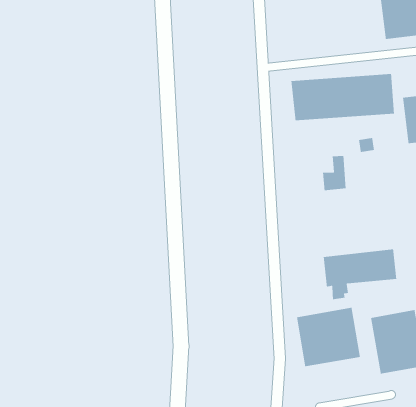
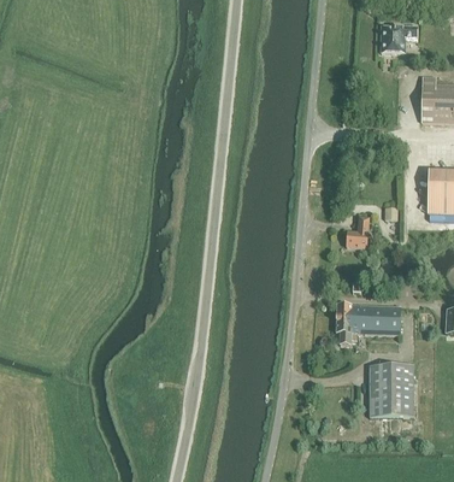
building: [291,73,395,121] -> none
building: [296,307,361,367] -> none

